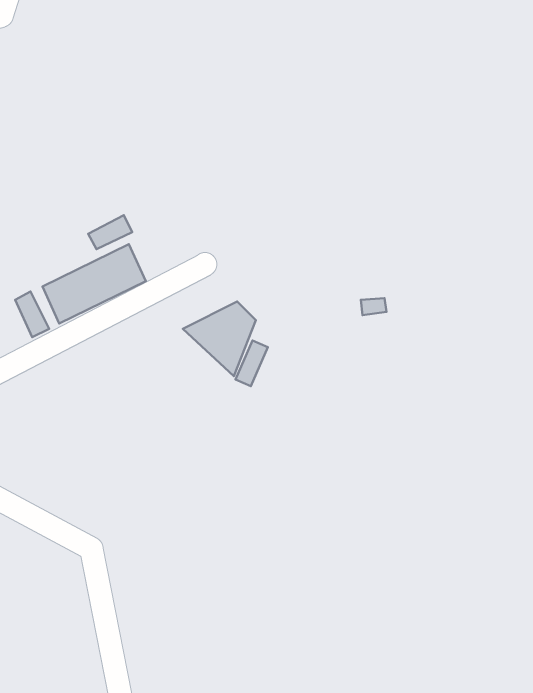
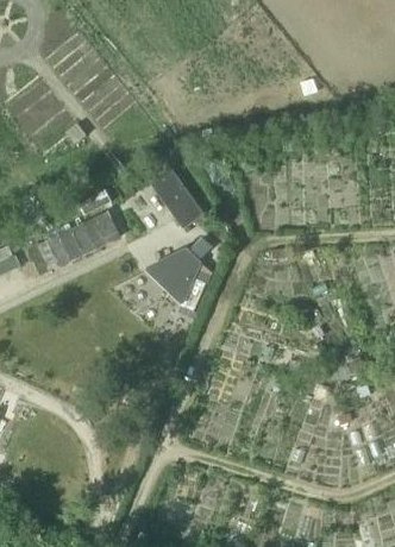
building: none -> [149,165,202,226]

